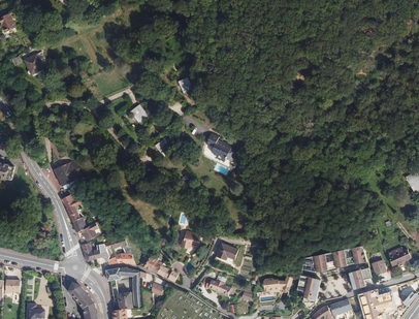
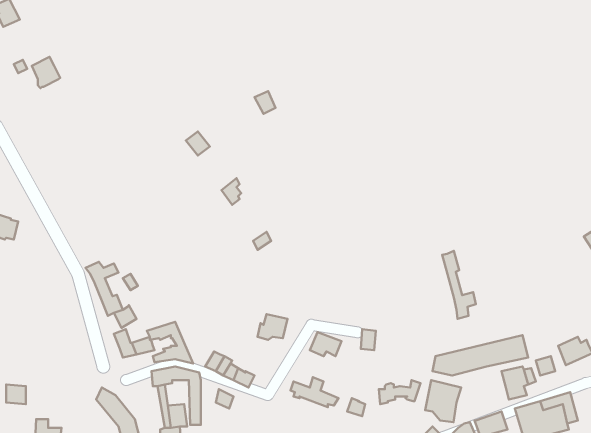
building: [205,132,237,161] -> none
building: [55,158,83,188] -> none
building: none -> [442,251,476,319]

